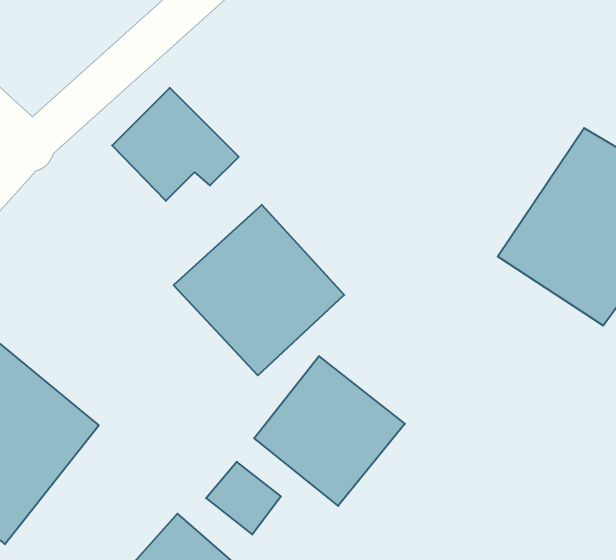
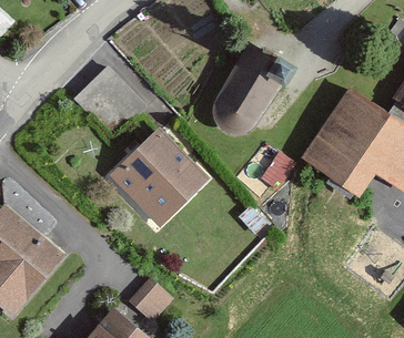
building: none -> [212,45,304,134]
building: [254,356,405,506] -> none

